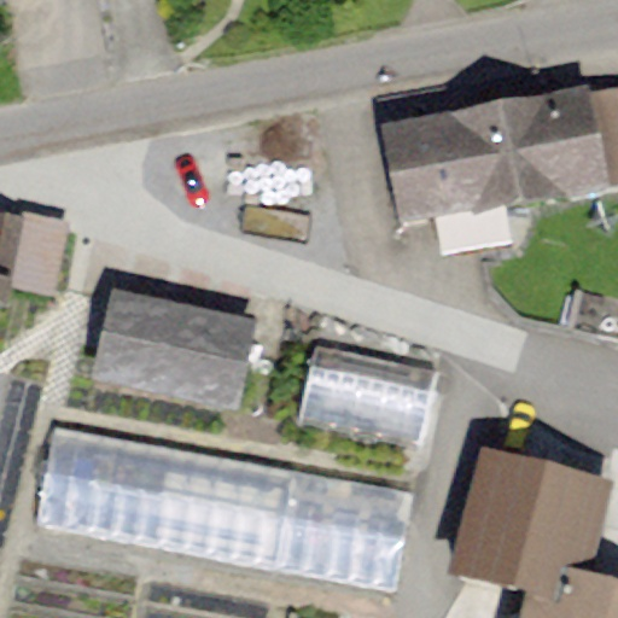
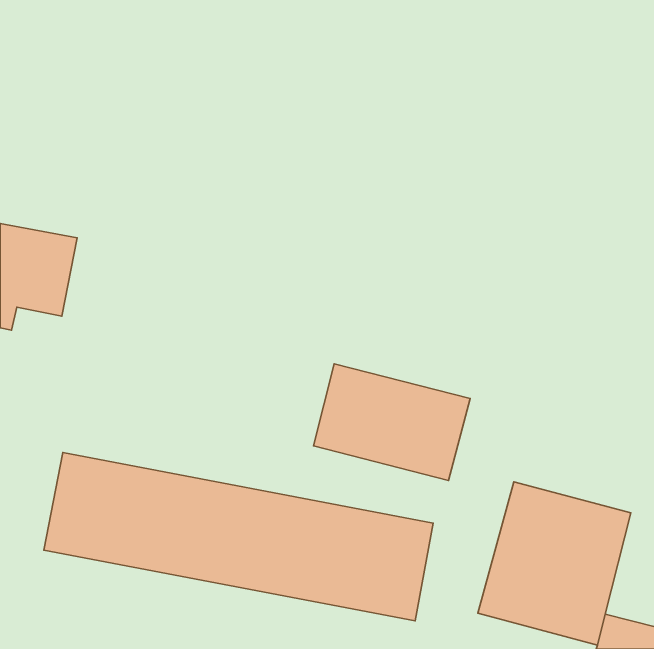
building: [373,87,600,234] -> none
building: [97,292,253,409] -> none

